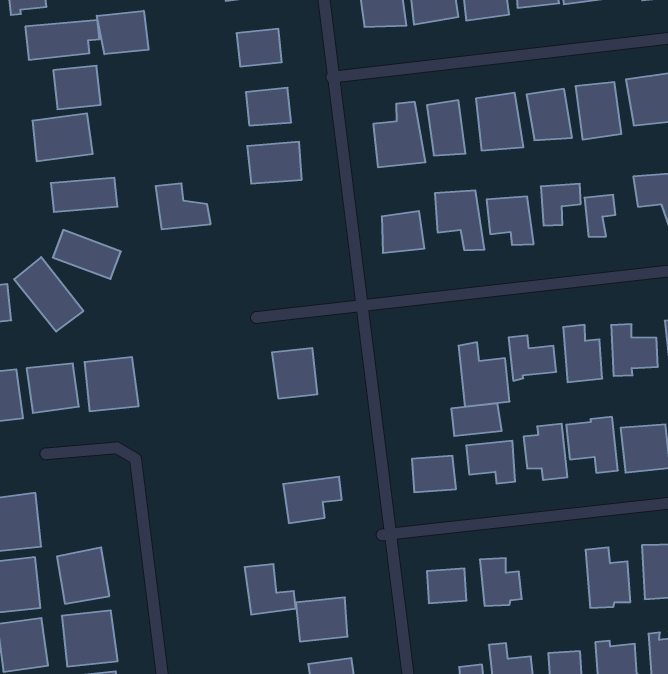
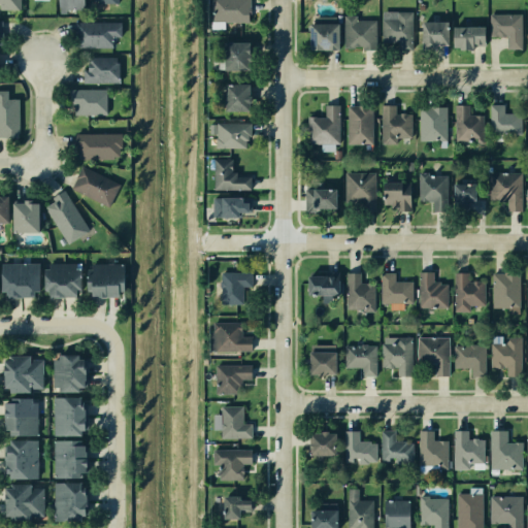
building: [97,11,149,54] -> none
building: [156,183,211,229] -> [216,159,252,190]
building: none -> [214,196,253,219]
building: [451,404,502,436] -> [309,279,343,299]
building: none -> [212,319,256,352]
building: none -> [52,353,86,390]
building: none -> [387,435,419,465]
building: [245,564,296,615] -> [222,403,255,437]

